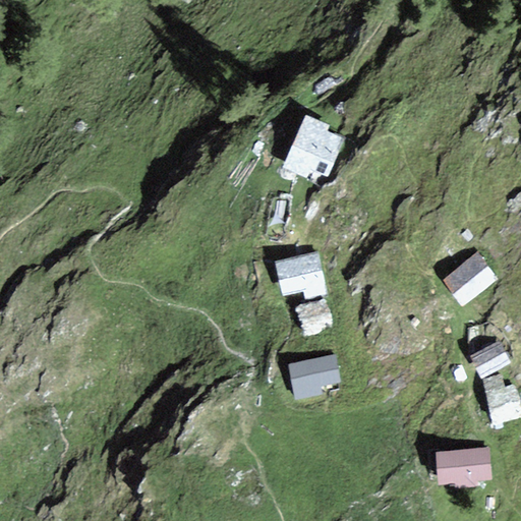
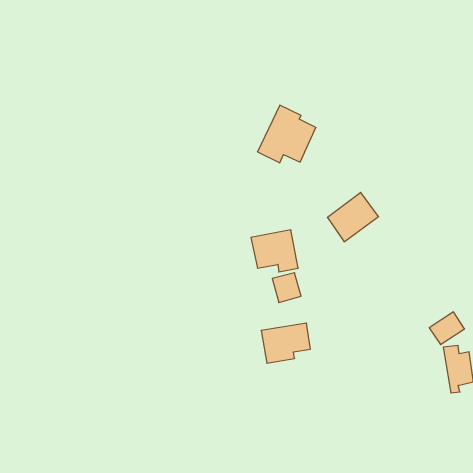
building: [441,251,497,305] -> [327,192,379,242]
building: [435,448,490,486] -> none

